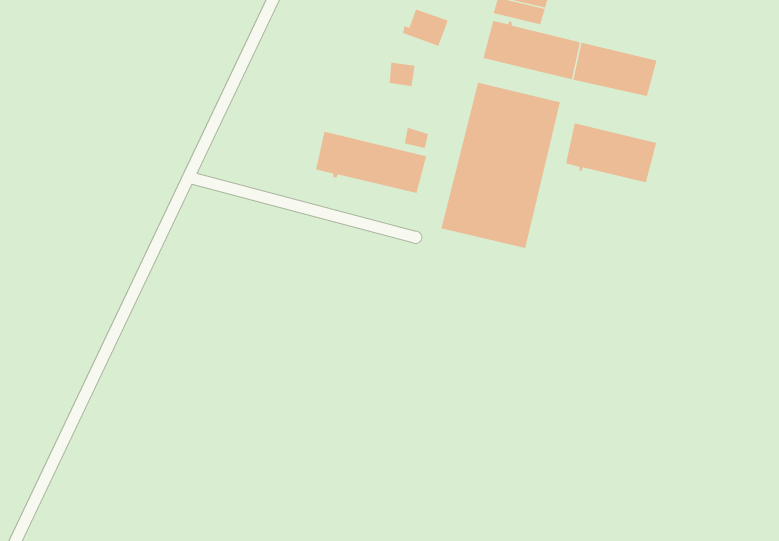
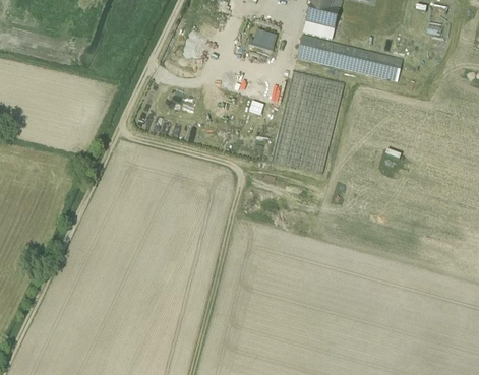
building: [565,123,657,183] -> none
building: [315,131,427,194] -> none

